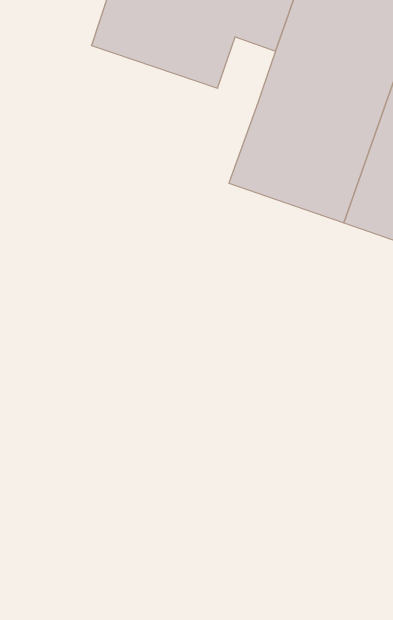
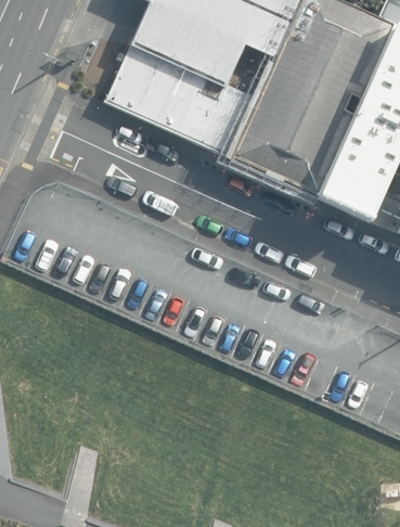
building: none -> [106,43,259,160]

